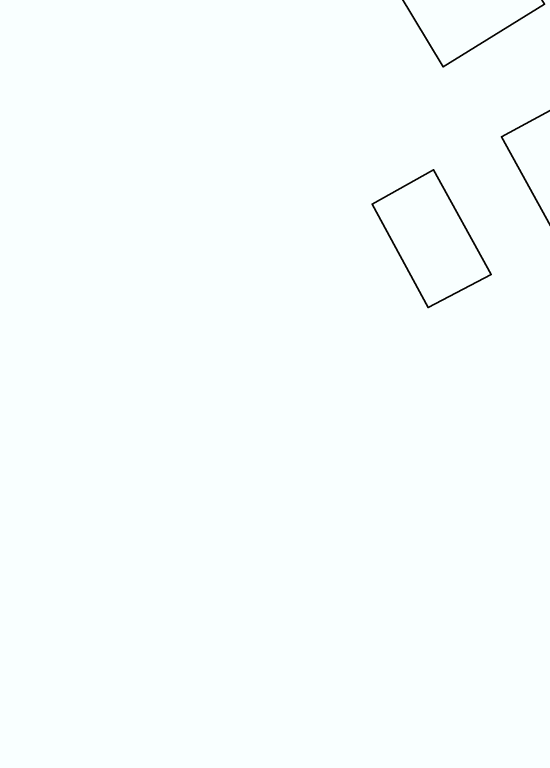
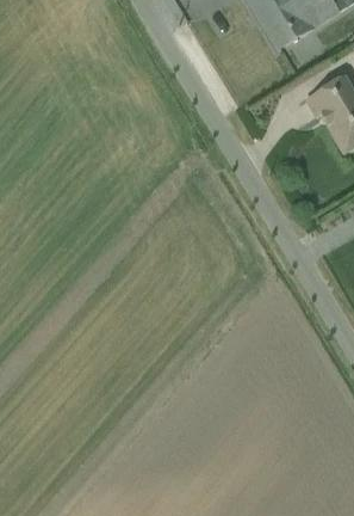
building: [372,170,491,308] -> none

